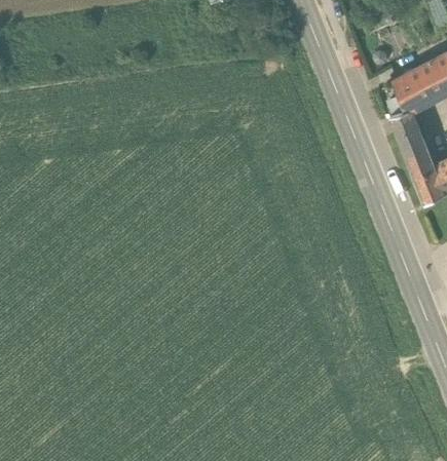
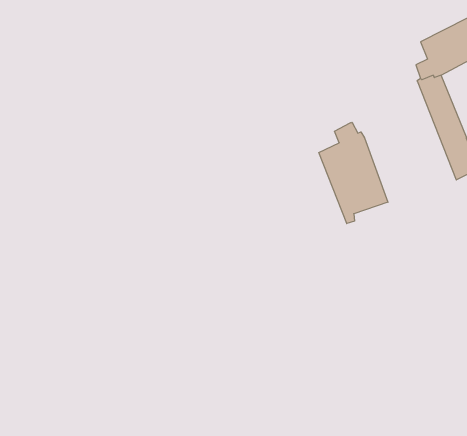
building: none -> [319,122,388,224]

